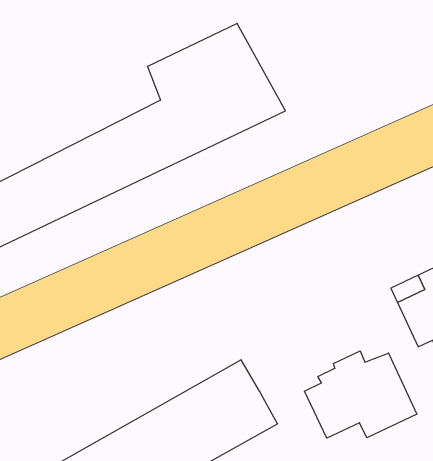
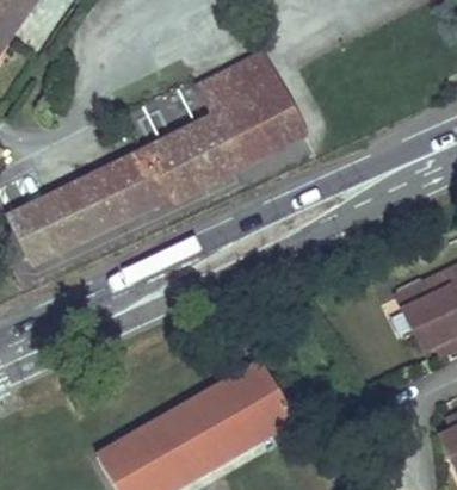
building: [305,351,417,438] -> none

